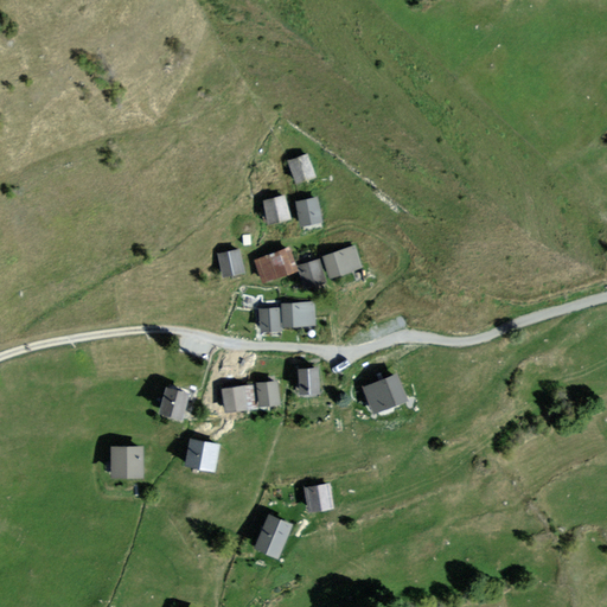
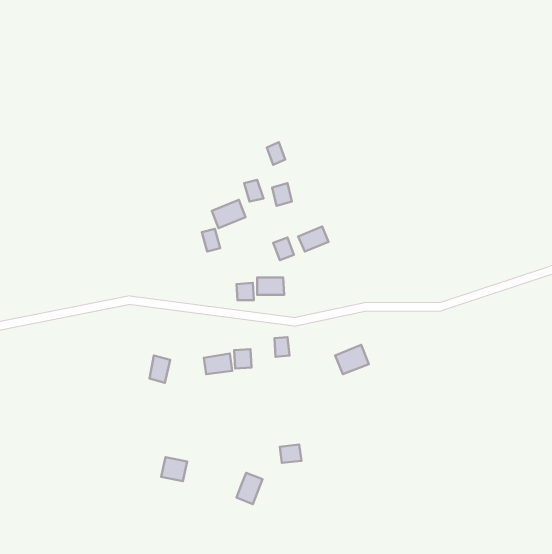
building: [258,249,295,280] -> [212,200,245,228]
building: [189,441,217,467] -> [161,457,187,481]
building: [113,446,140,473] -> none

